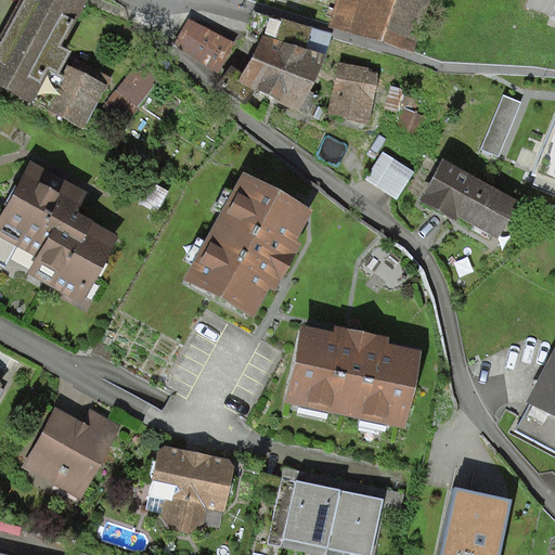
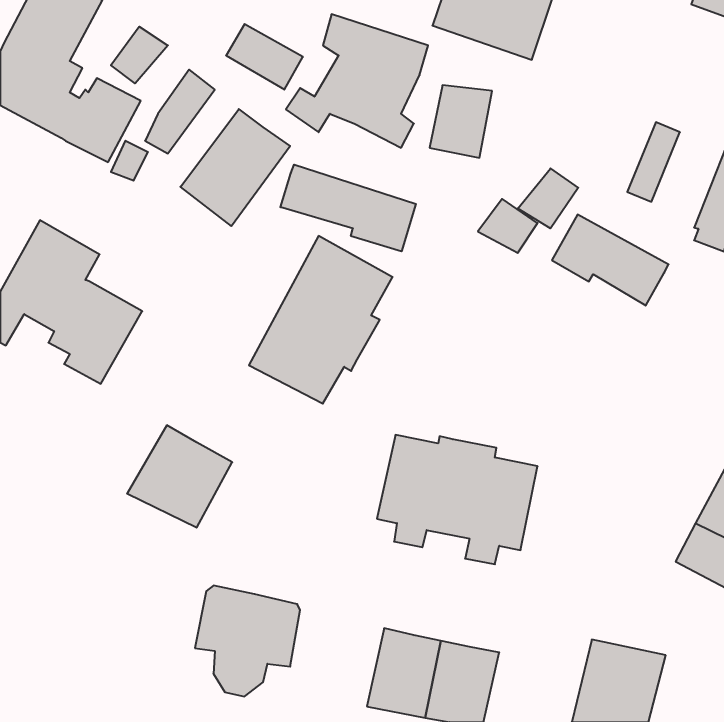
building: none -> [111,27,168,83]
building: none -> [180,109,290,226]
building: none -> [280,165,416,251]
building: none -> [518,168,578,228]
building: [28,411,108,489] -> [127,425,232,528]

